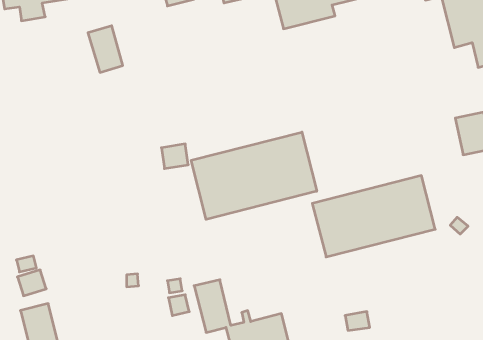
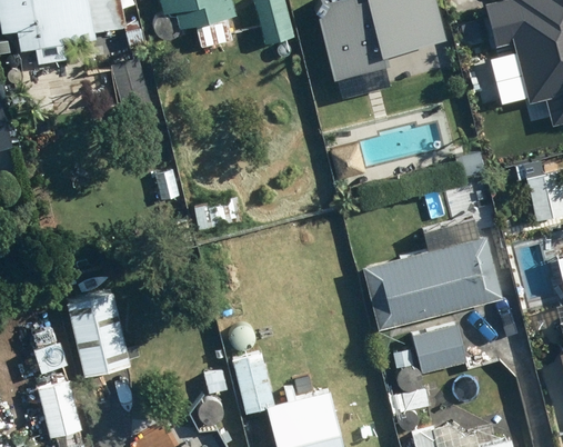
building: [191,132,317,219] -> none
building: none -> [68,291,129,377]
building: none -> [412,325,466,372]

